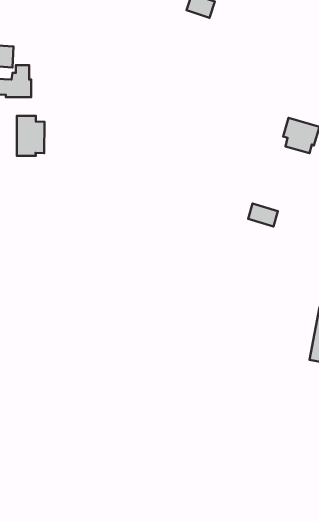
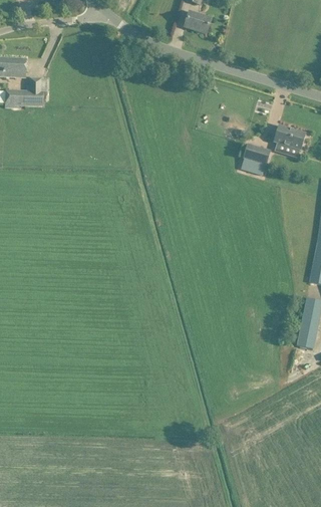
building: [17,116,45,156] -> none
building: [248,203,278,227] -> [243,144,270,165]

